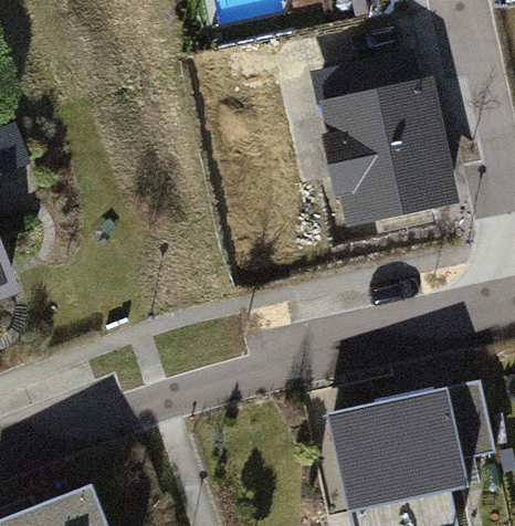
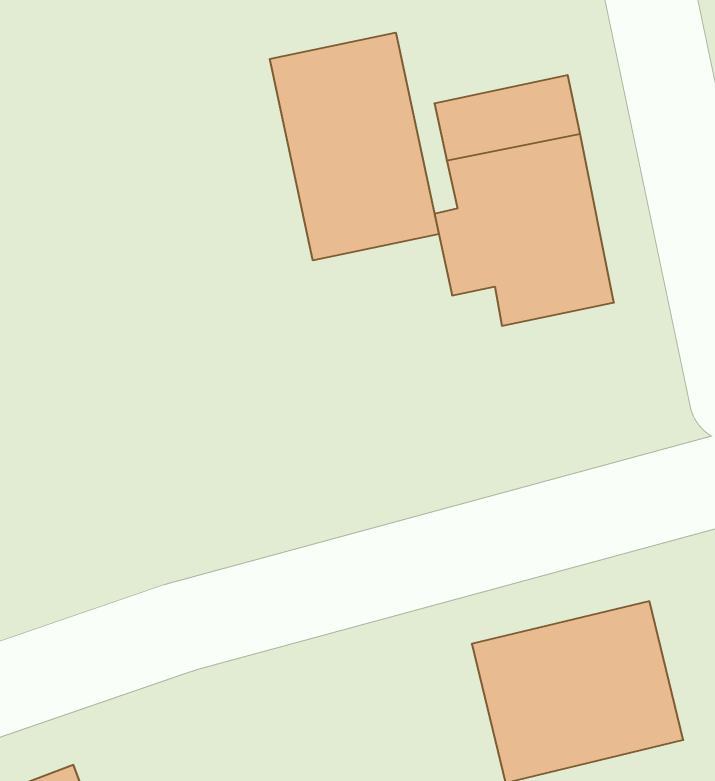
building: none -> [270,33,439,260]

